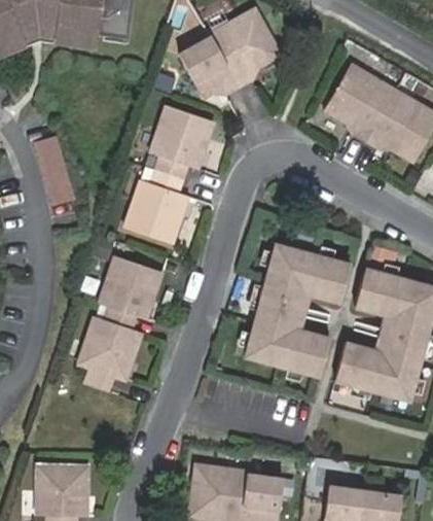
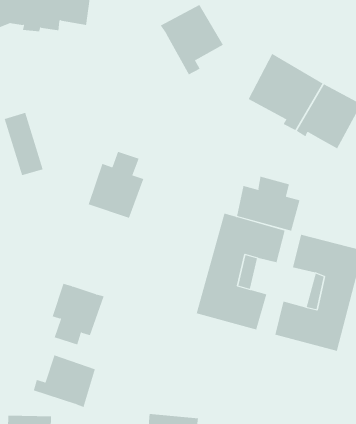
building: [179,41,240,97] -> none
building: [154,114,215,180] -> none
building: none -> [237,176,300,232]
building: [106,258,166,332] -> none
building: none -> [33,355,95,408]

